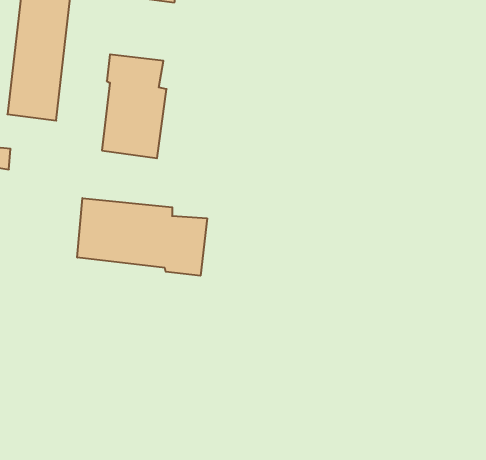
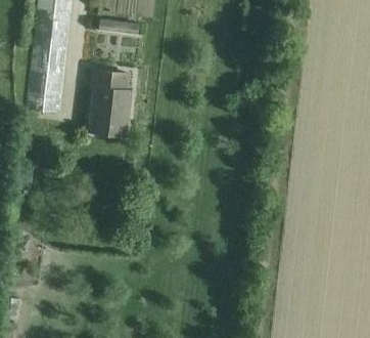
building: [77,198,207,276] -> none

